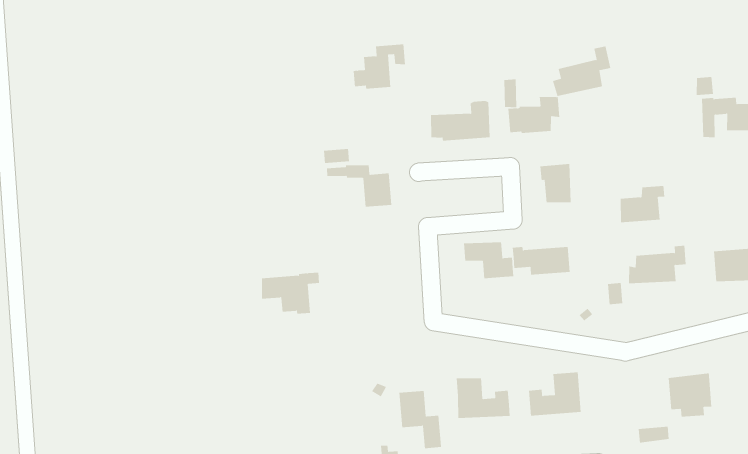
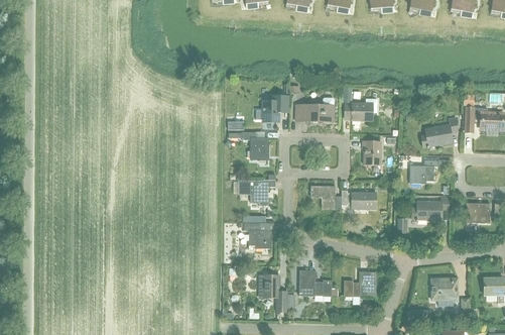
building: [353,44,406,89] -> [256,95,289,121]
building: [552,46,611,97] -> [420,117,458,146]
building: [261,272,320,314] -> [238,180,275,205]
building: none -> [243,223,271,248]

